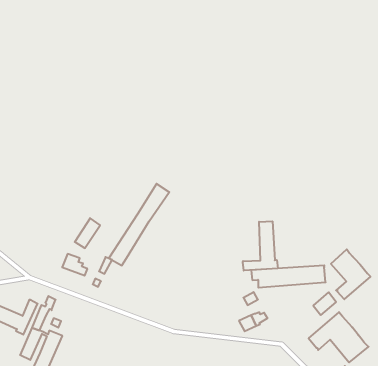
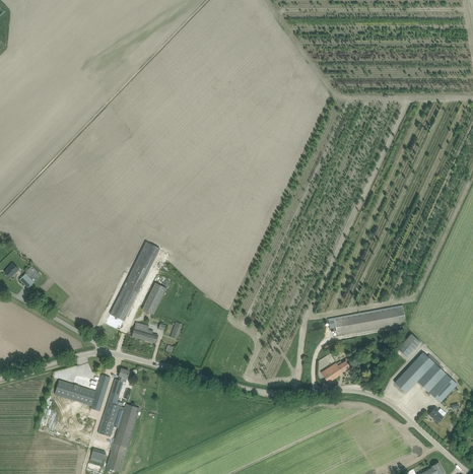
building: [109,184,169,265] -> [105,241,159,329]
building: [243,221,278,271] -> none
building: [331,249,370,299] -> none

